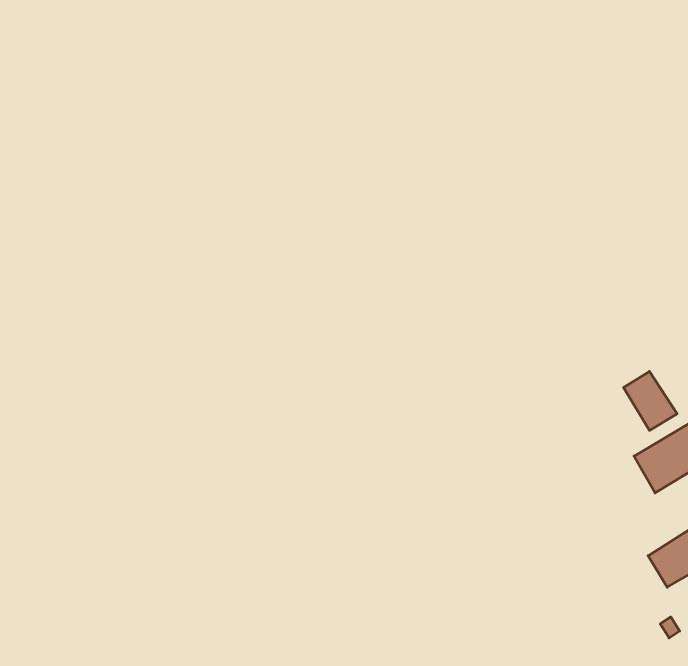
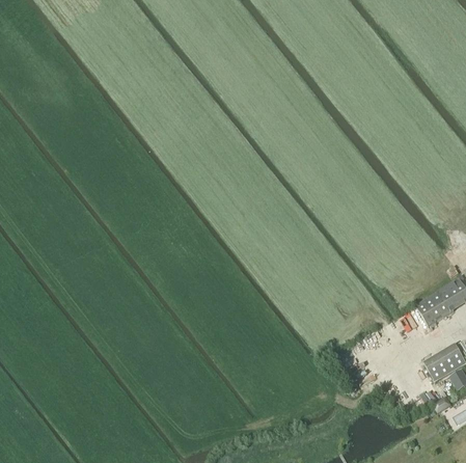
building: [624,371,677,430] -> none

